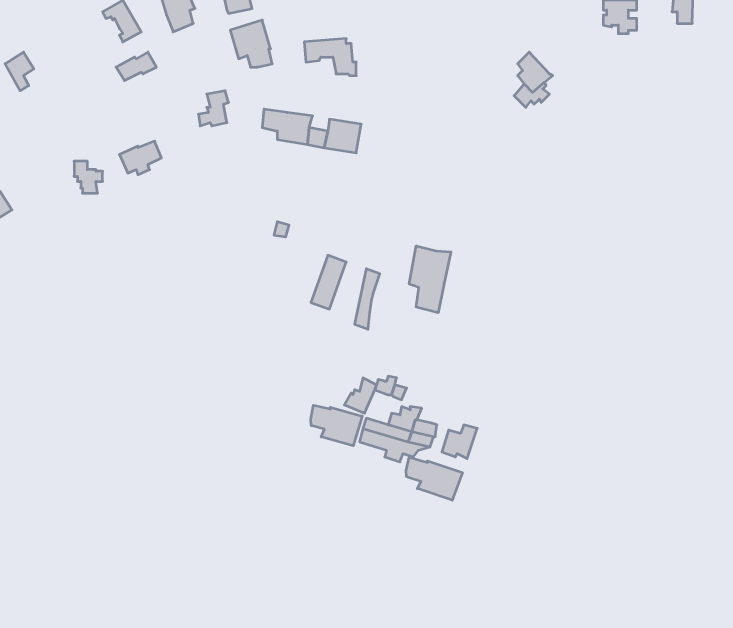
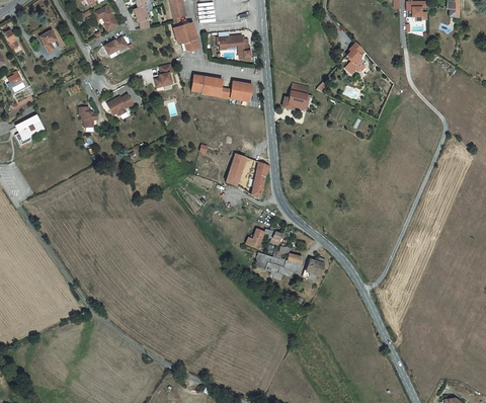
building: none -> [282,86,309,109]
building: [409,246,451,313] -> none
building: [311,405,362,446] -> none
building: [406,457,462,500] -> none

